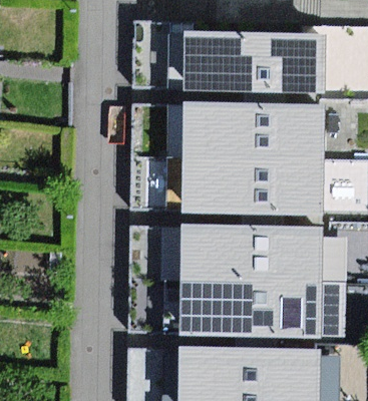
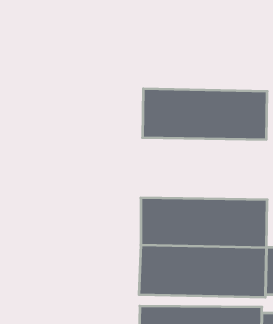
building: [181,31,326,94] -> none
building: [183,157,324,216] -> none

